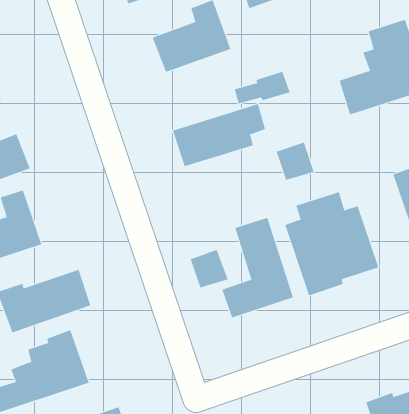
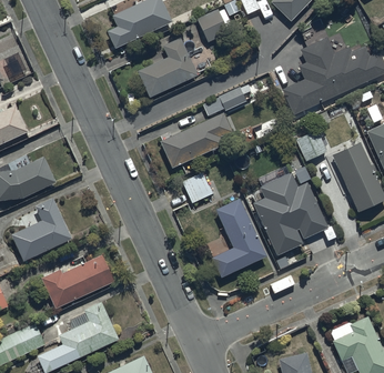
building: [276,142,314,181] -> [295,130,326,161]
building: [190,249,228,288] -> [182,172,213,203]

